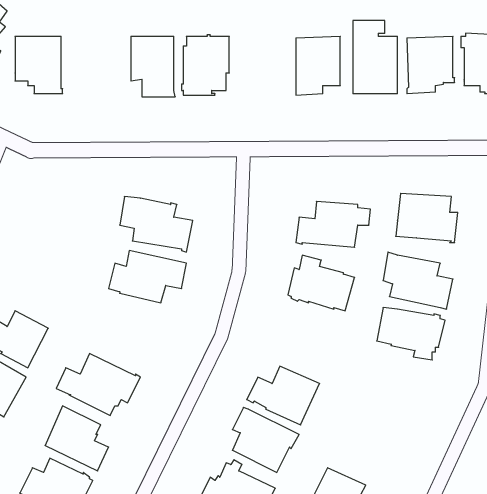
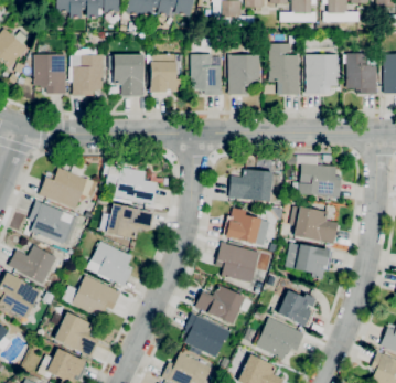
building: none -> [69,34,105,95]
building: none -> [191,54,224,95]
building: none -> [39,166,99,209]
building: none -> [29,200,79,245]
building: none -> [87,241,133,286]
building: none -> [217,242,259,283]
building: none -> [278,290,318,327]
building: none -> [256,317,306,360]

